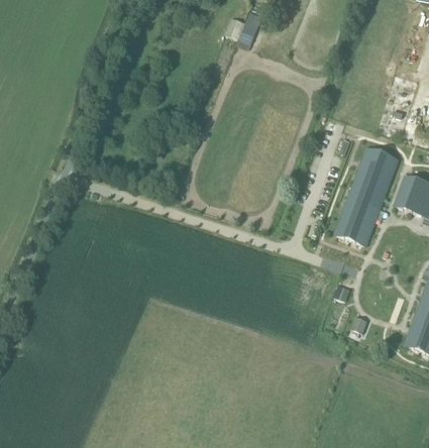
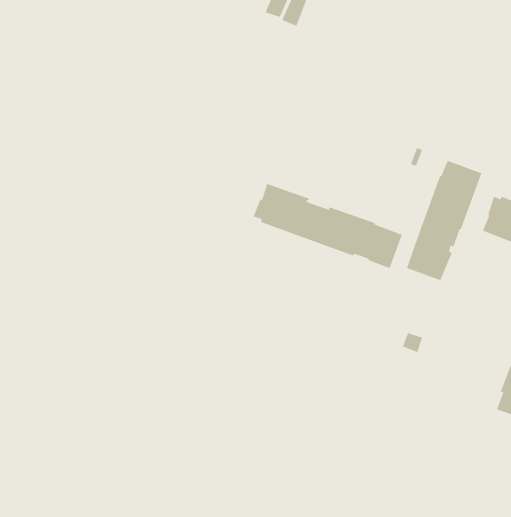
building: none -> [253,183,403,269]

